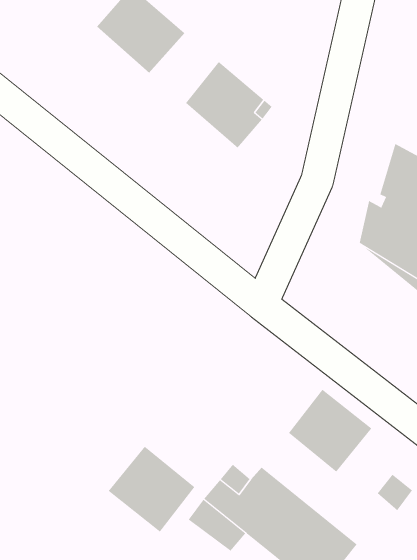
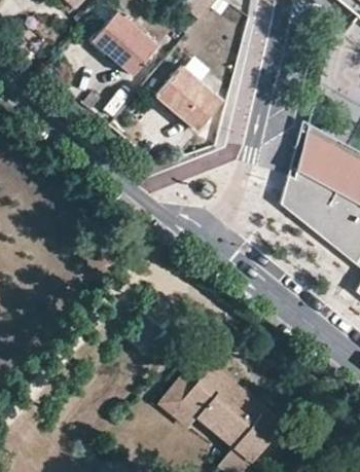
building: [288,389,372,472] -> none
building: [108,446,195,532] -> none

